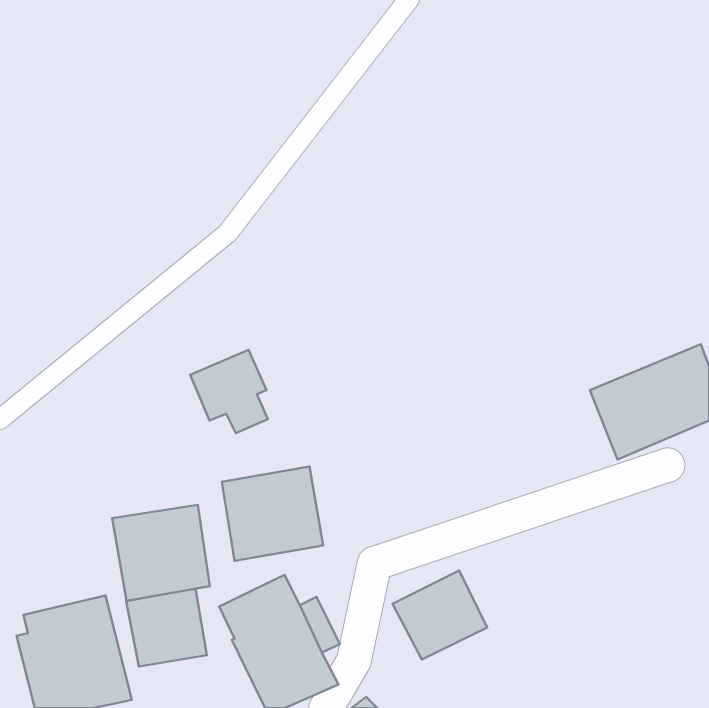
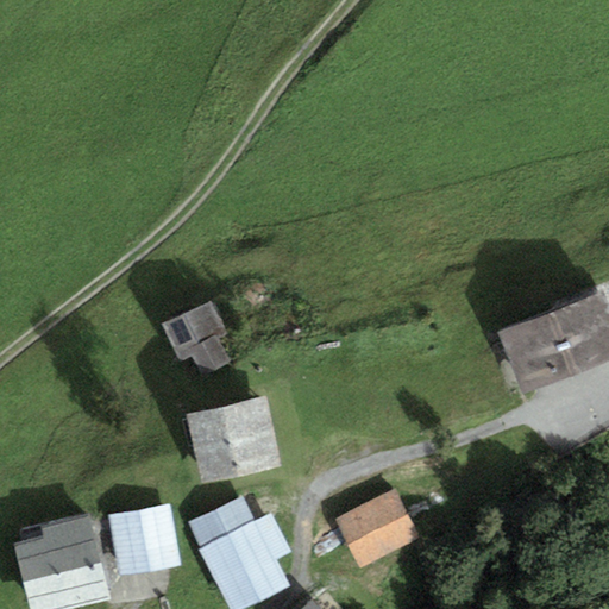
building: [112,505,210,601] -> none

